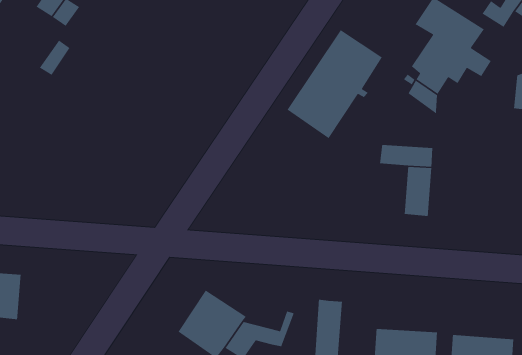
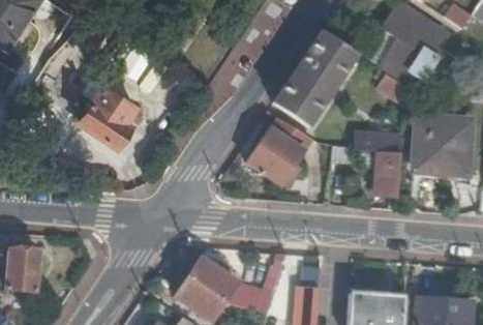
building: none -> [79,85,133,145]
building: none -> [247,115,312,185]
building: none -> [416,118,469,172]

